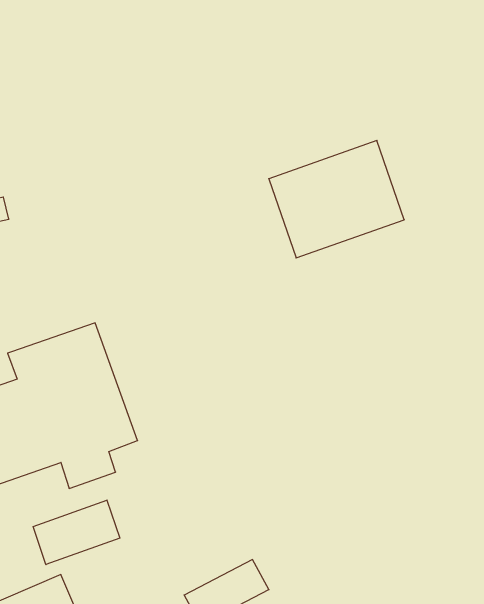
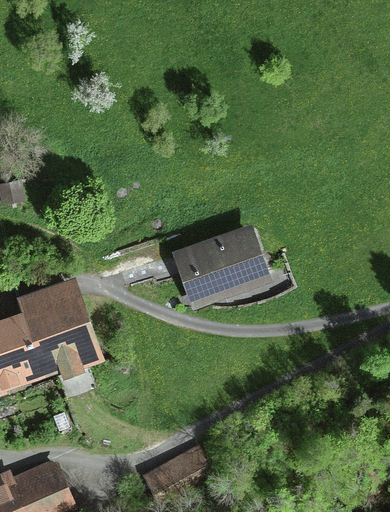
building: [269,140,404,258] -> [172,224,271,310]
building: [33,500,120,565] -> none

